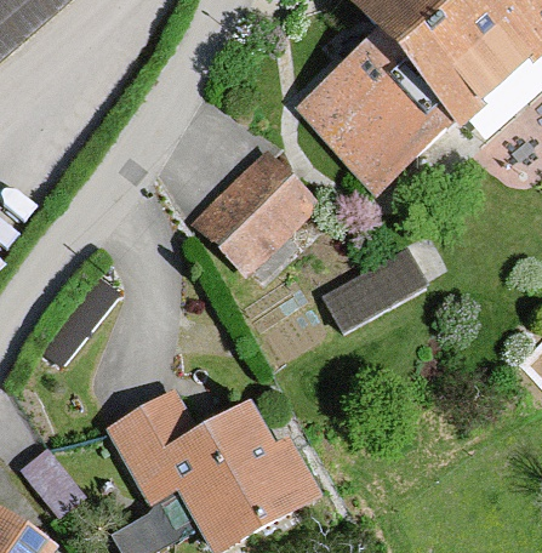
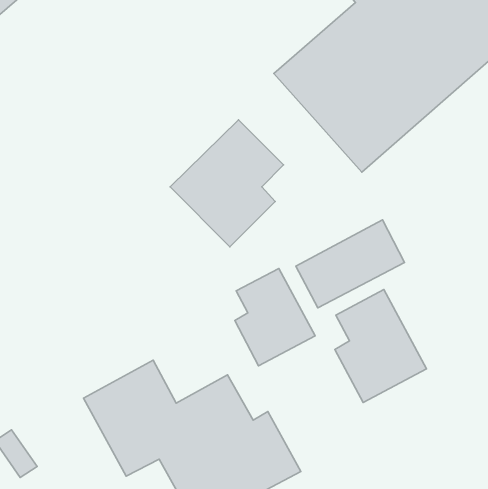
building: none -> [235,268,315,366]
building: none -> [335,290,427,403]

